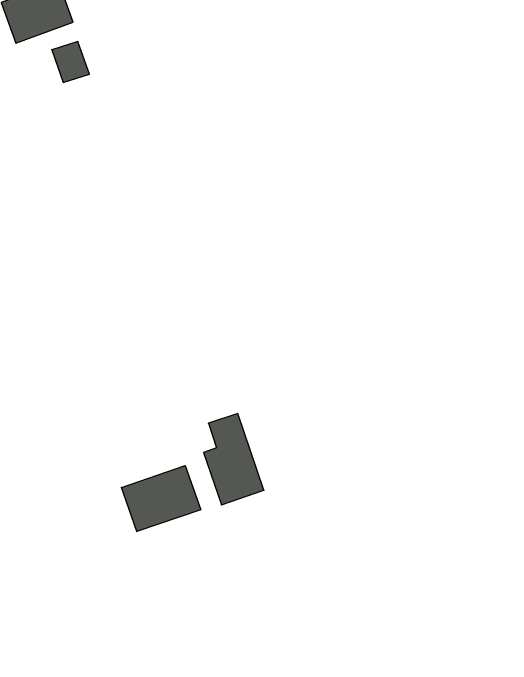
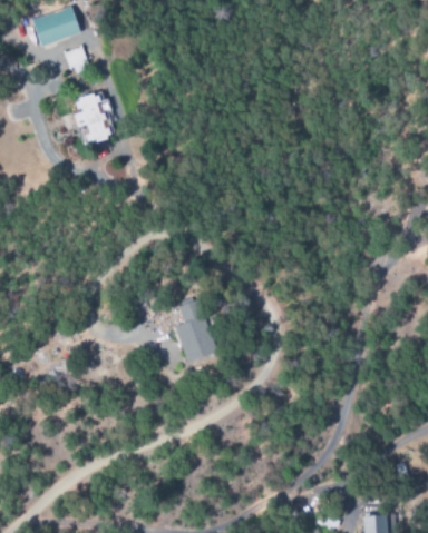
building: none -> [75,90,115,144]
building: [121,466,201,532] -> none

